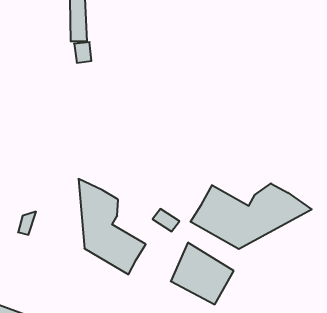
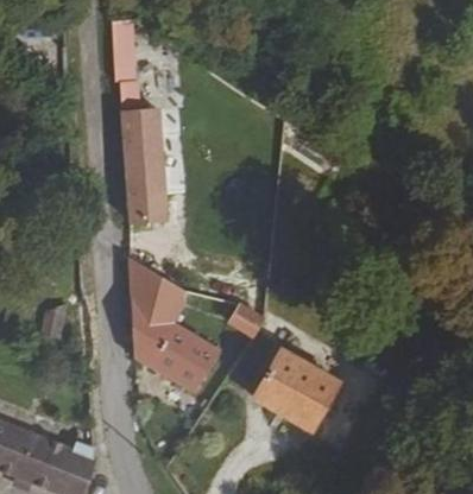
building: none -> [125,109,166,220]
building: [191,183,312,249] -> none

